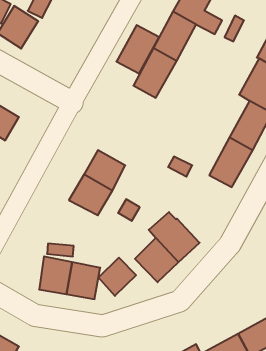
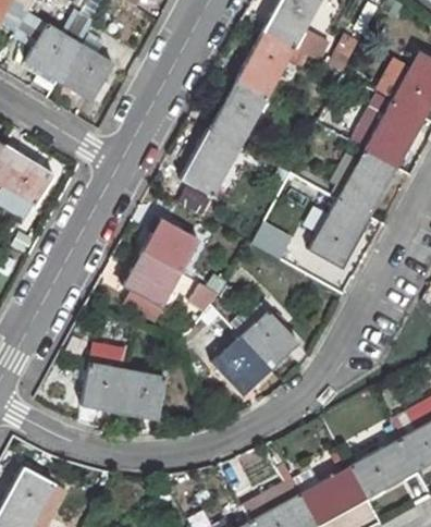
building: none -> [58,44,113,102]
building: [116,25,159,73] -> [182,131,239,196]
building: [99,258,136,296] -> none

